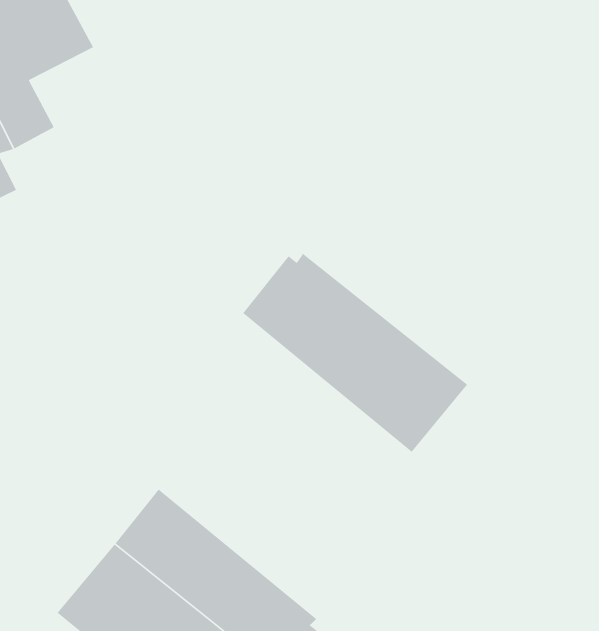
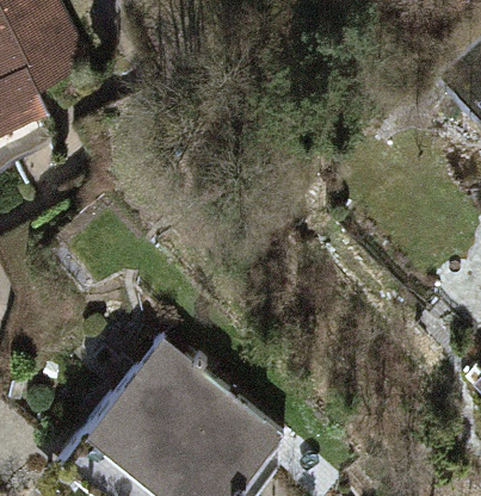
building: [242,253,468,453] -> none
building: none -> [128,337,286,483]

